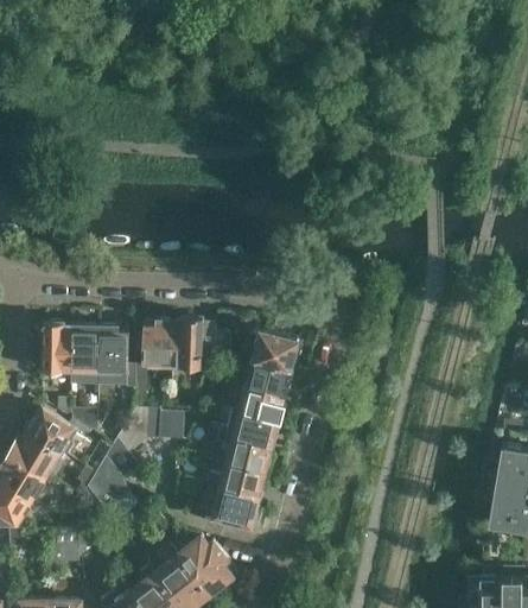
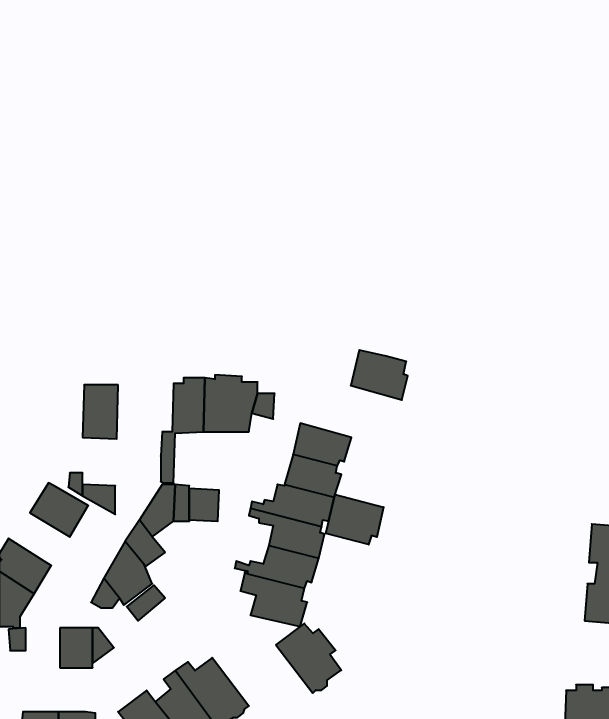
building: [43,322,71,370] -> none
building: [98,327,136,386] -> none
building: [252,329,299,370] -> [351,350,408,400]
building: none -> [326,494,384,545]
building: [8,433,59,477] -> none
building: [178,537,233,595] -> [276,623,341,693]

